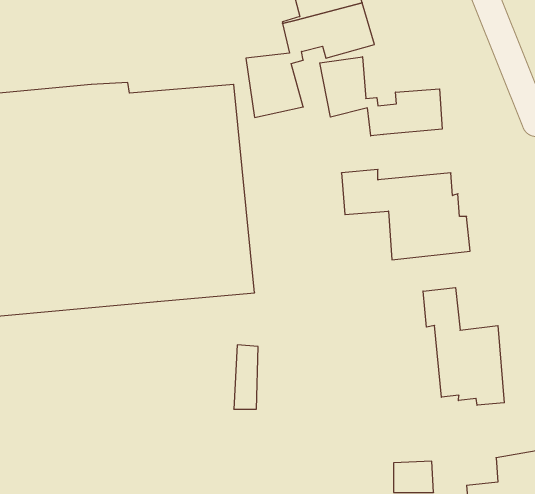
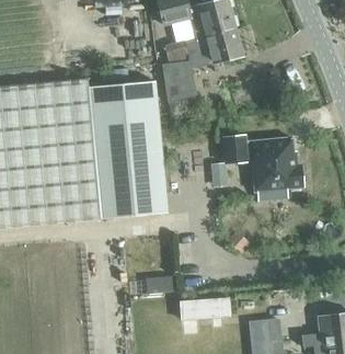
building: [320,57,442,136] -> none
building: [423,288,504,405] -> none
building: none -> [179,299,229,320]

